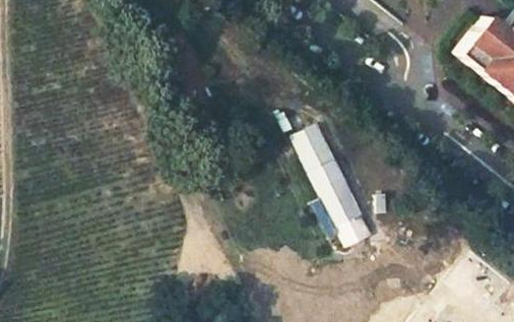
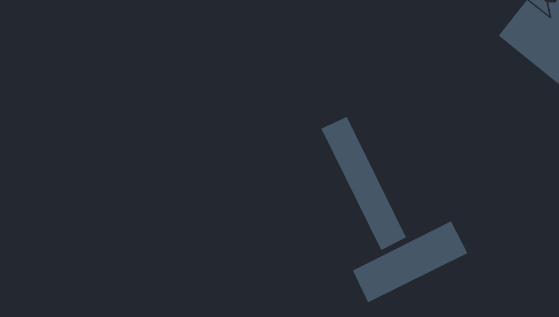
building: none -> [352,221,468,303]

